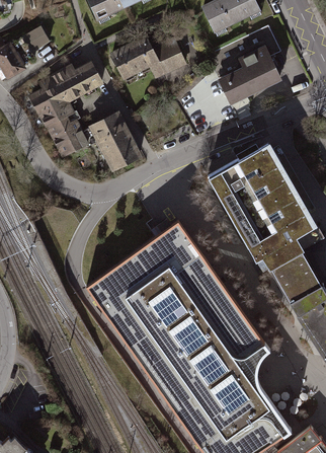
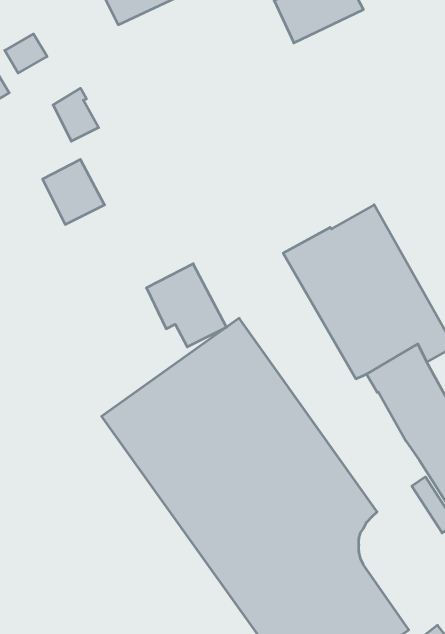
building: [217,28,281,106] -> none
building: [109,36,187,80] -> none
building: [74,63,102,91] -> none
building: [31,76,72,126] -> none
building: [86,112,140,168] -> [146,264,227,347]

